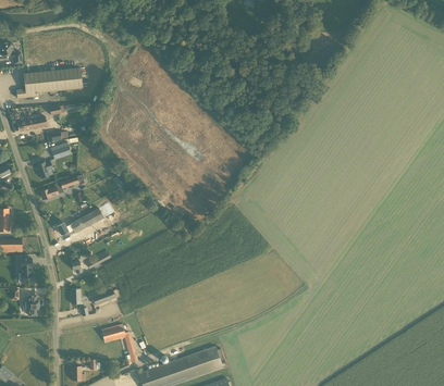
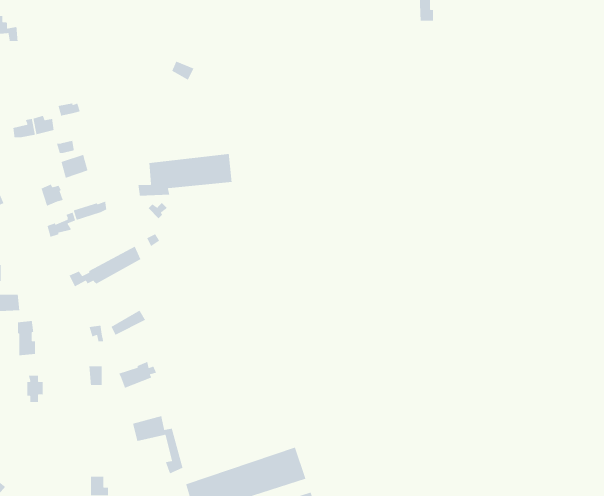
building: [15,67,82,98] -> [138,153,232,197]

